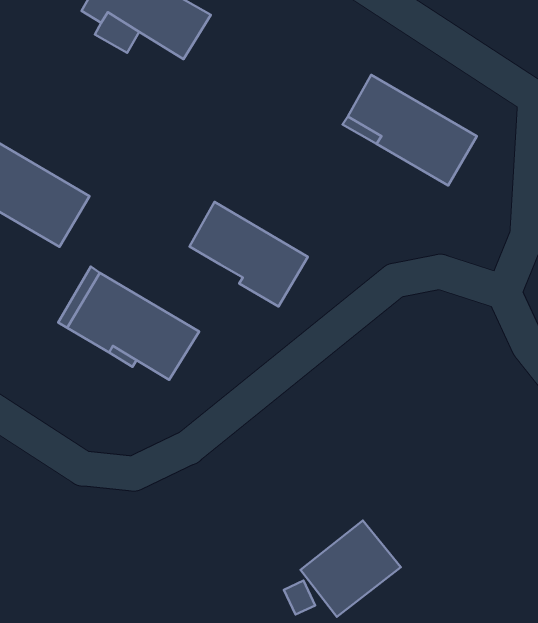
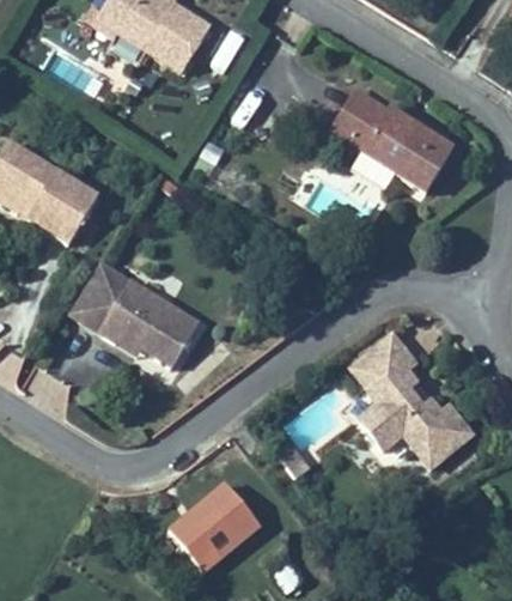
building: [189,202,308,307] -> none
building: none -> [349,335,470,465]
building: [300,520,401,617] -> [173,479,266,567]

